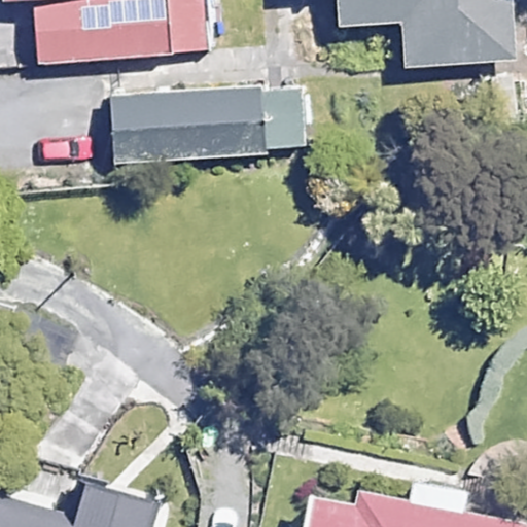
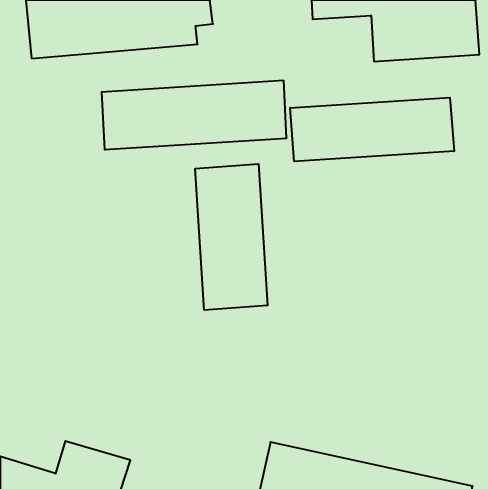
building: none -> [290,98,454,161]
building: none -> [195,164,268,310]

